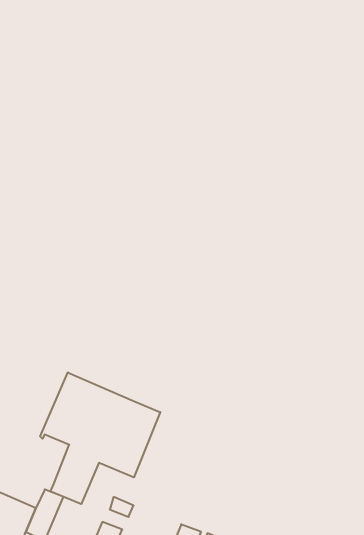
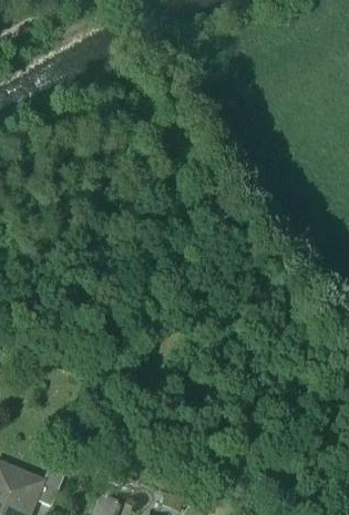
building: [40,372,160,504] -> none

